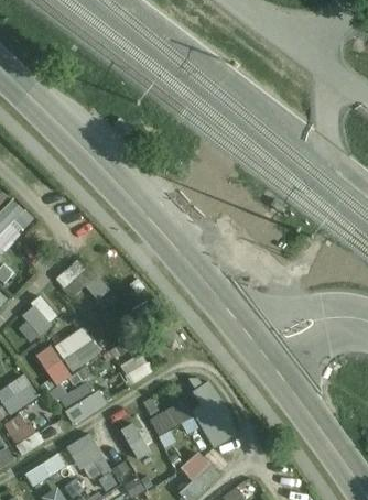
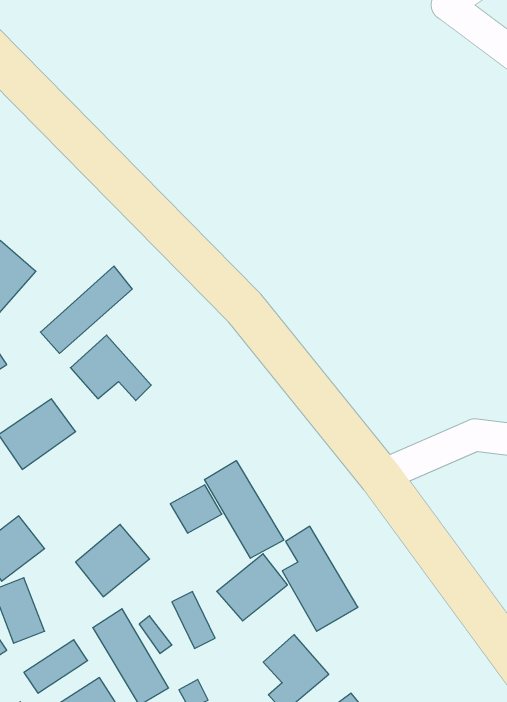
building: none -> [40,266,132,353]
building: [56,328,100,371] -> none
building: none -> [205,461,284,558]
building: [34,346,71,387] -> none

